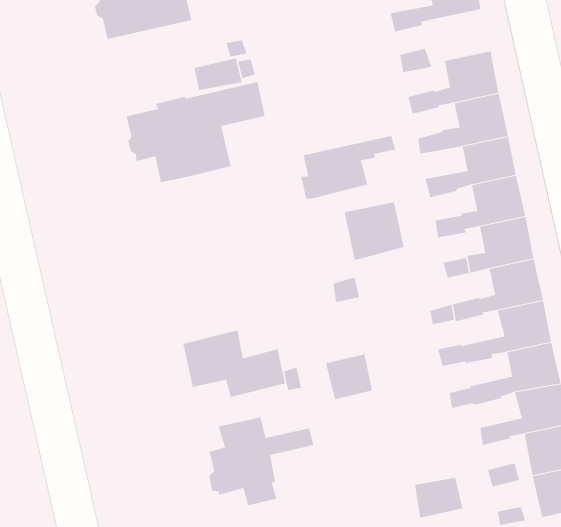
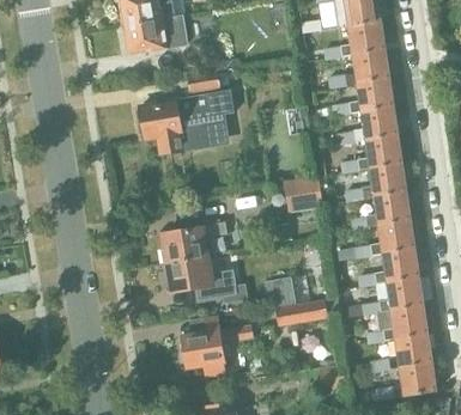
building: none -> [353,49,390,83]
building: [301,135,396,199] -> [162,224,228,263]
building: none -> [275,298,340,326]

